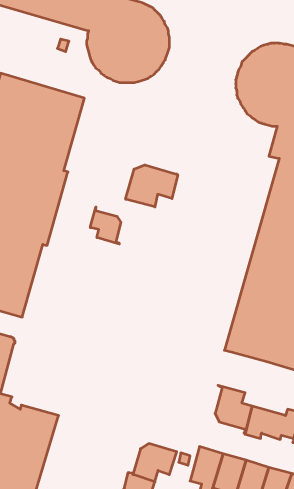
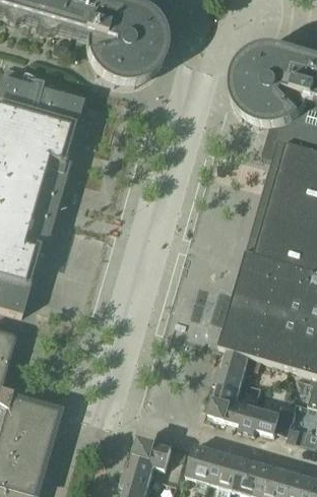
building: [126,165,178,207] -> none
building: [90,207,121,244] -> none
building: none -> [215,348,263,387]

